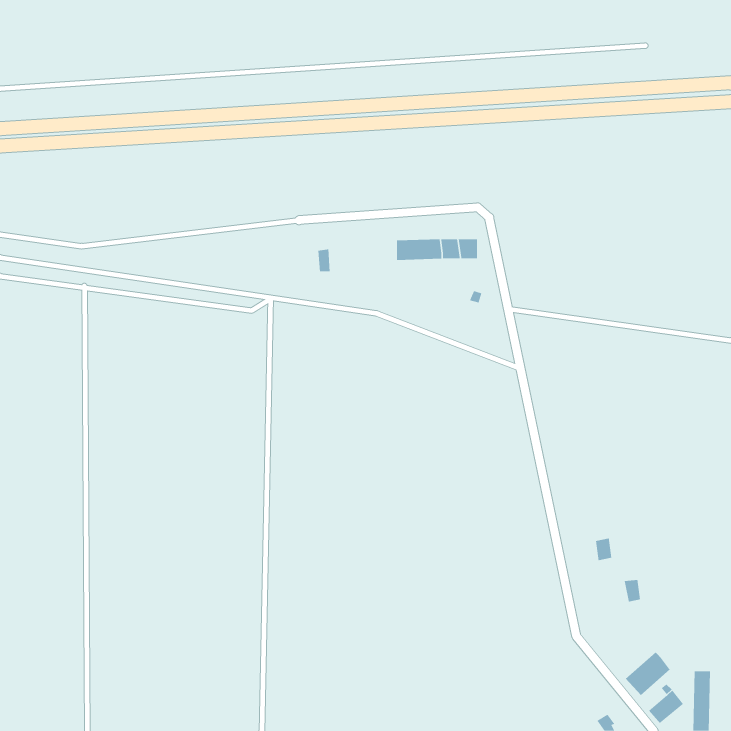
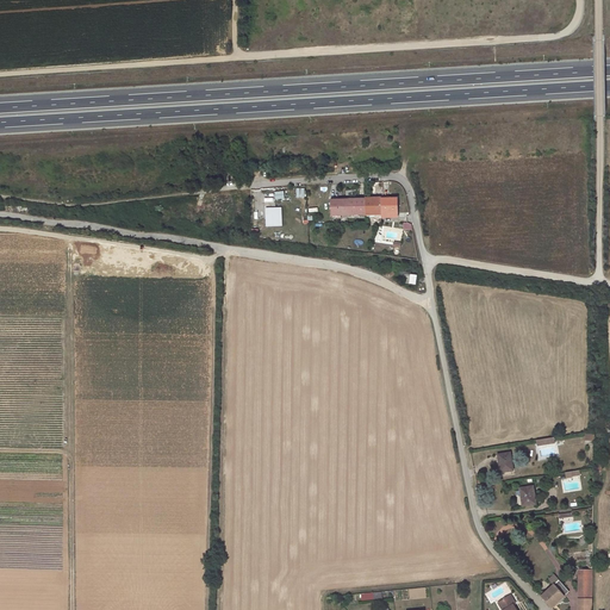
building: [625,651,671,696] -> none

